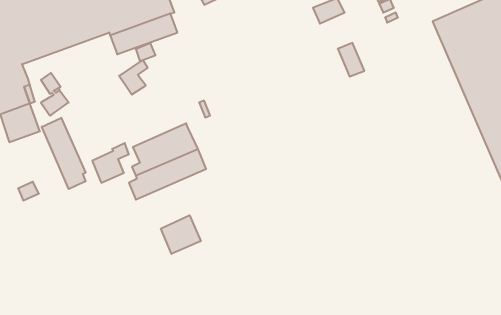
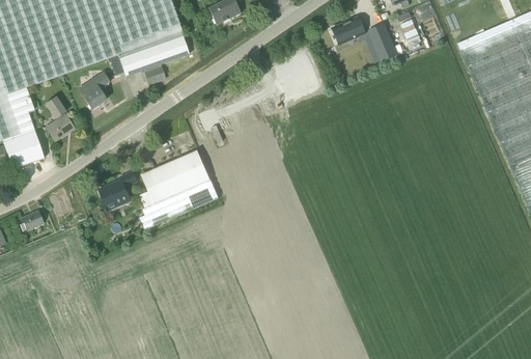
building: [338,43,364,77] -> [369,26,397,61]
building: [119,60,148,95] -> [78,72,108,108]
building: [42,118,86,189] -> none
building: [161,215,201,254] -> none

